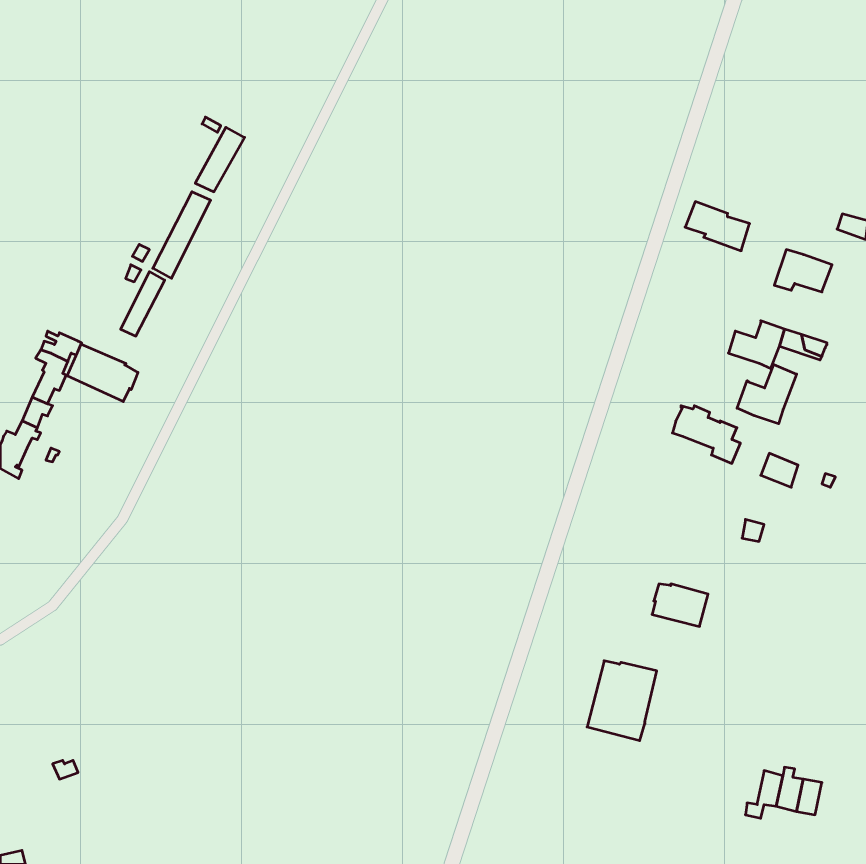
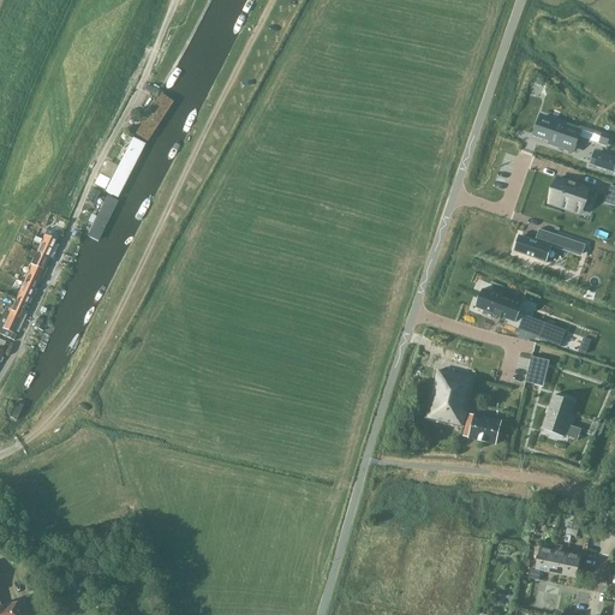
building: [685,202,750,251] -> [536,115,581,150]
building: [67,344,138,402] -> none
building: [737,365,797,424] -> none
building: none -> [542,393,575,435]
building: [587,661,657,741] -> [426,369,476,425]

